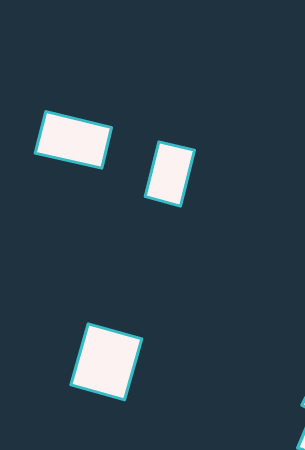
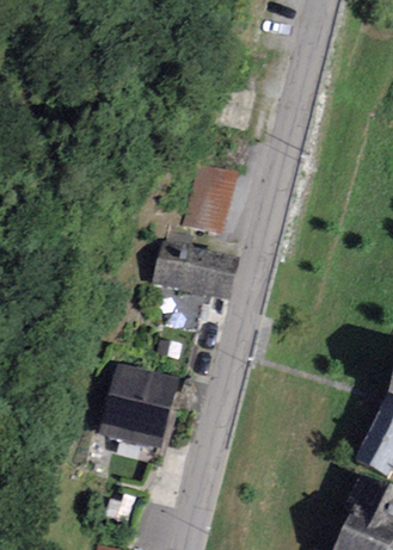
building: [35,112,111,168] -> [149,241,234,304]

